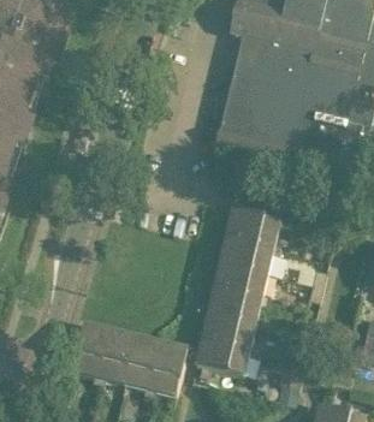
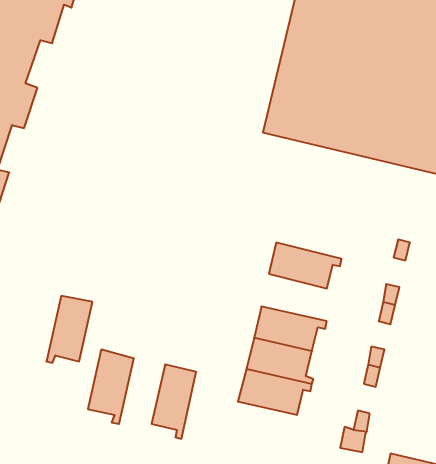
building: [226,209,281,249] -> none
building: [214,261,268,299] -> none
building: [99,329,136,384] -> [46,296,92,363]
building: [149,340,188,397] -> none

